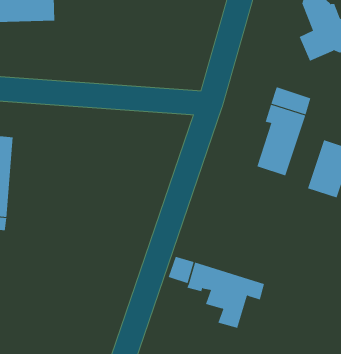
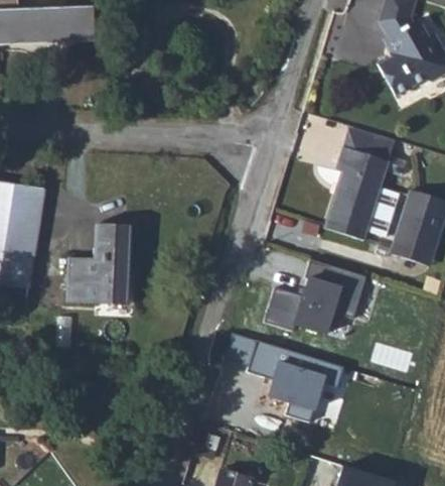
building: none -> [66,221,134,299]
building: none -> [263,260,364,335]

